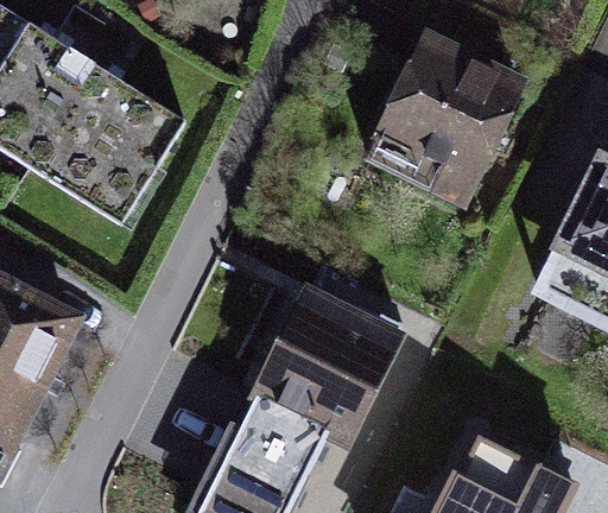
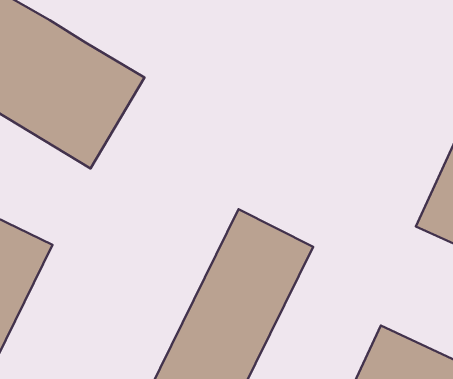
building: [348,30,528,210] -> none

